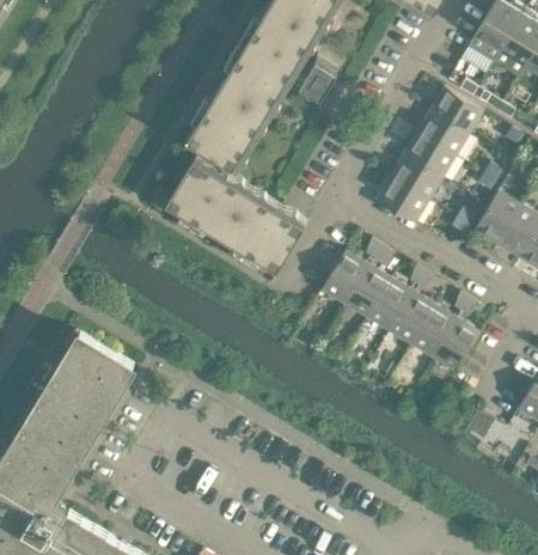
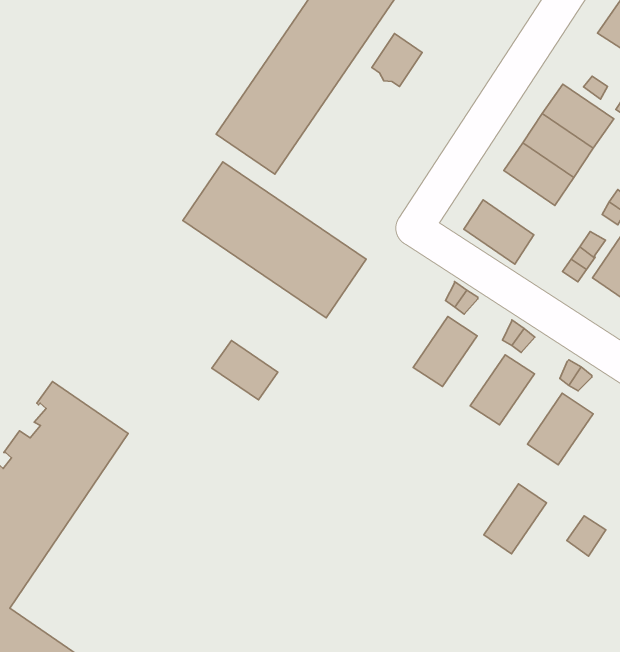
building: [390,155,444,202] -> none
building: [322,252,368,306] -> none
building: [367,280,412,333] -> none
building: none -> [212,341,278,400]
building: [411,306,457,359] -> [484,484,546,554]

